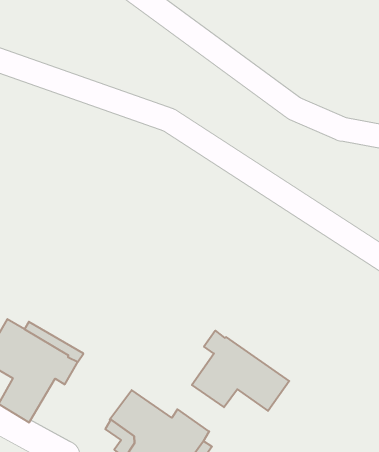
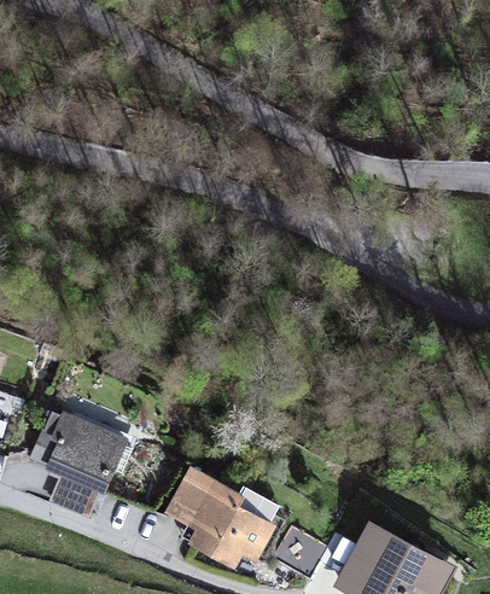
building: [192,331,289,411] -> none

